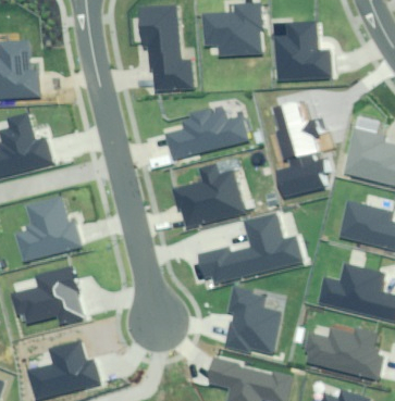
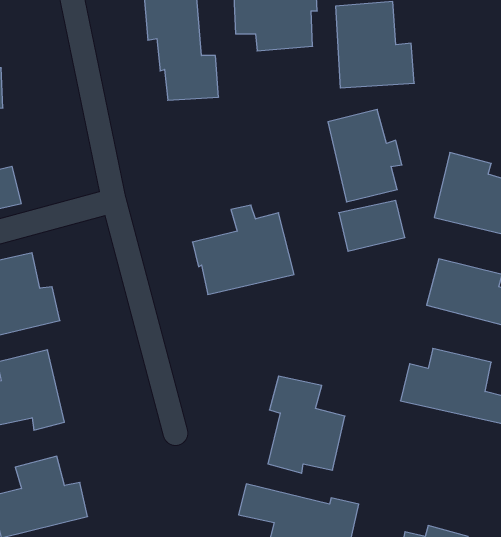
building: [168,105,248,158] -> none
building: [199,213,301,283] -> none
building: [306,327,384,376] -> none

